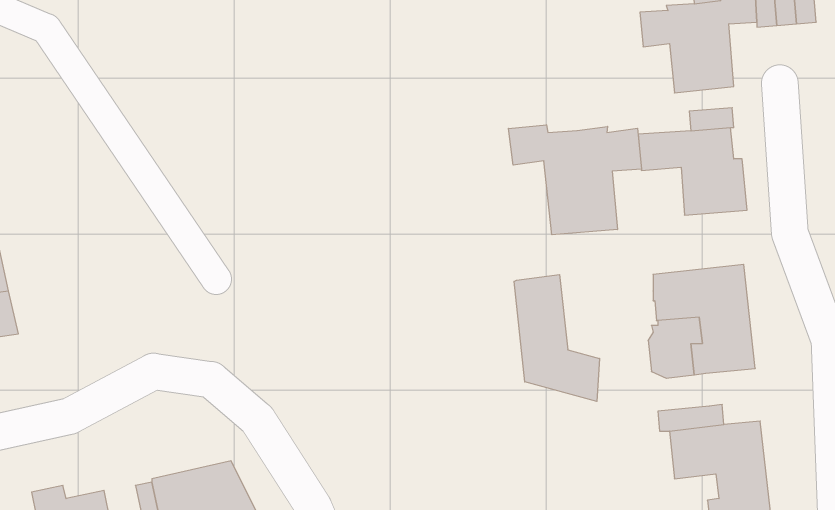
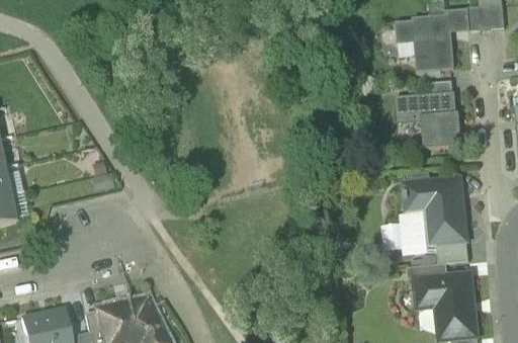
building: [508,125,641,235] -> none
building: [514,275,600,401] -> none
building: none -> [436,240,468,263]

